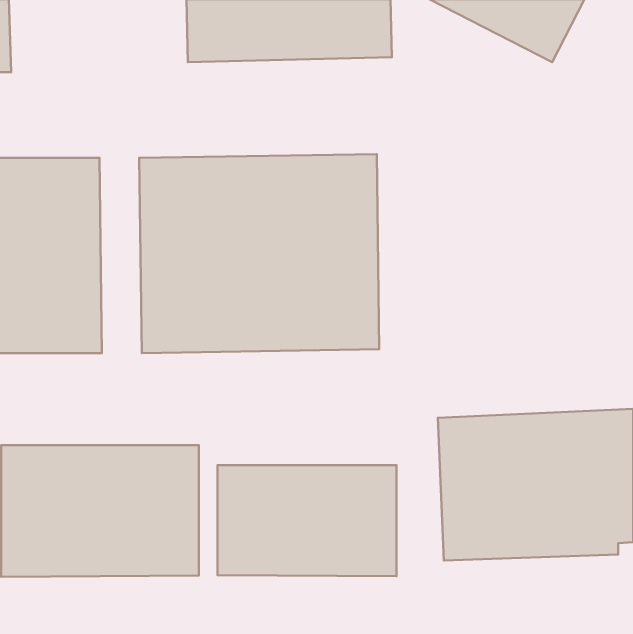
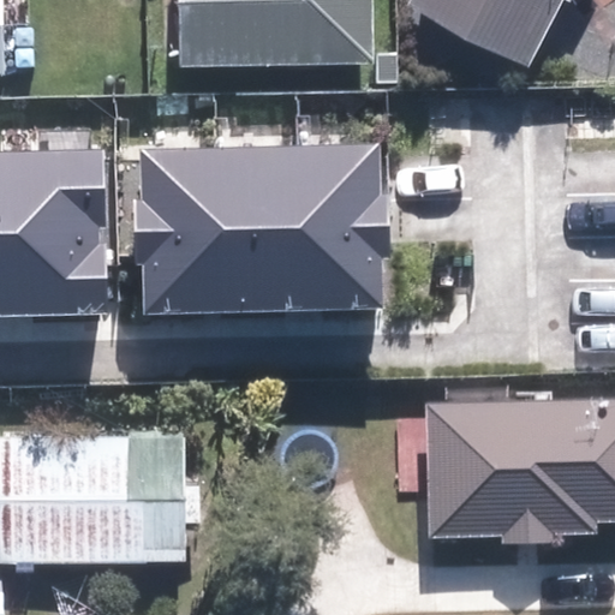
building: [218,465,396,576] -> none

